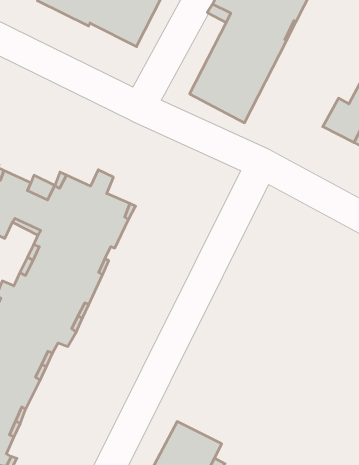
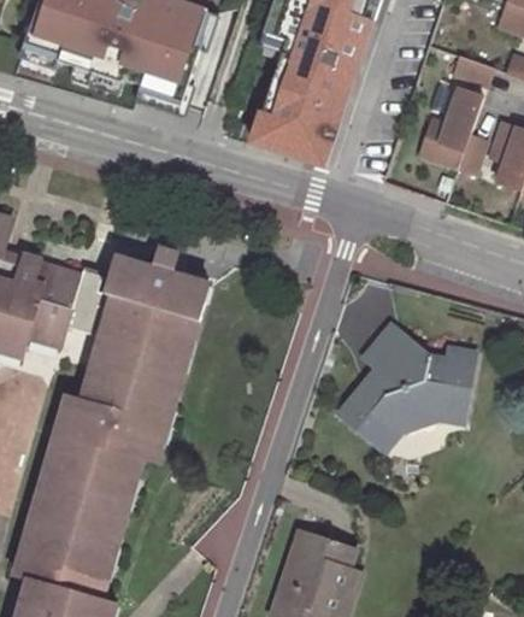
building: none -> [338,323,476,451]

